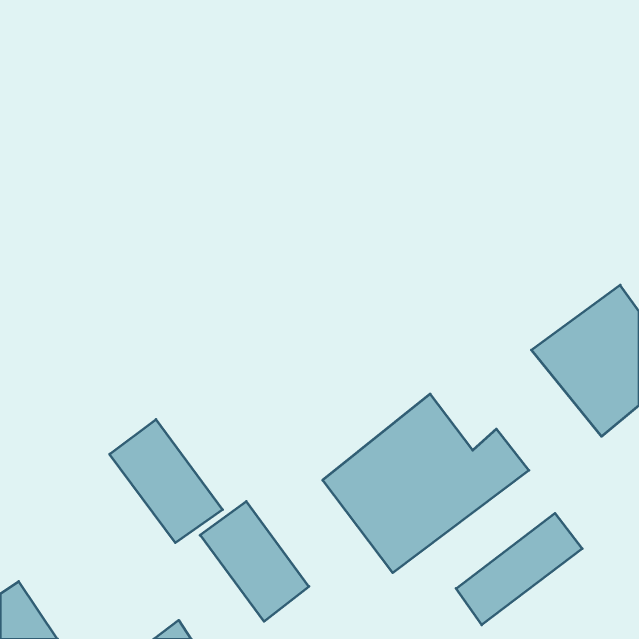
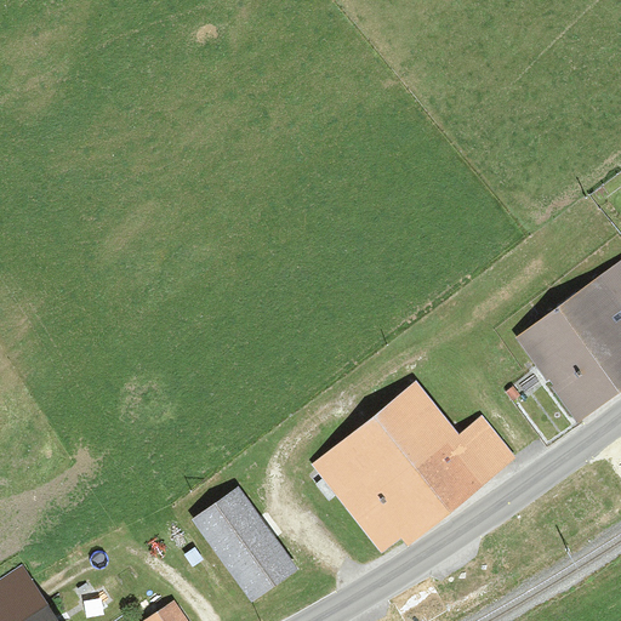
building: [110,419,223,543] -> none
building: [456,513,582,625] -> none

